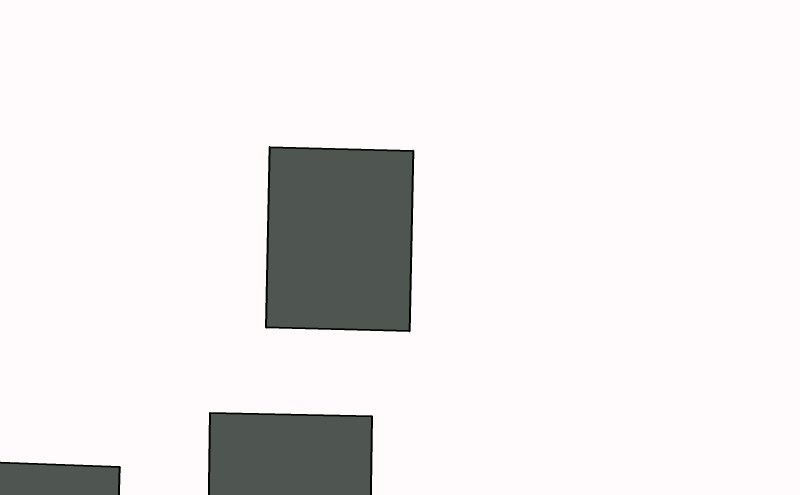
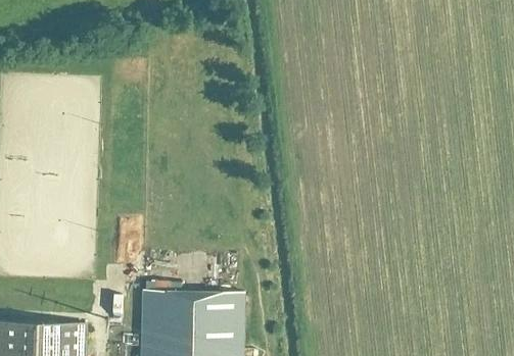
building: [266,147,413,331] -> none

